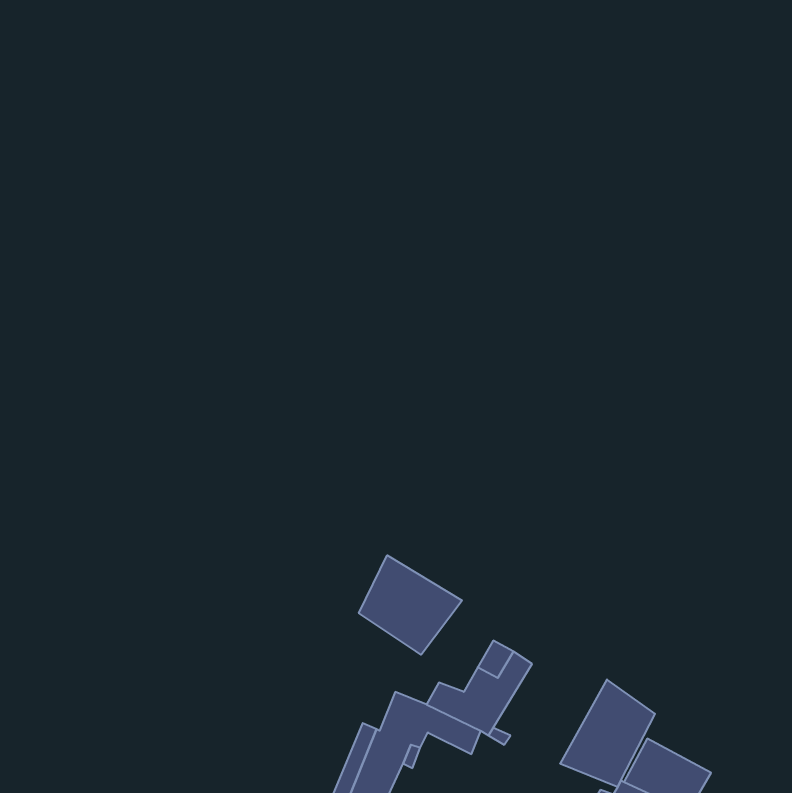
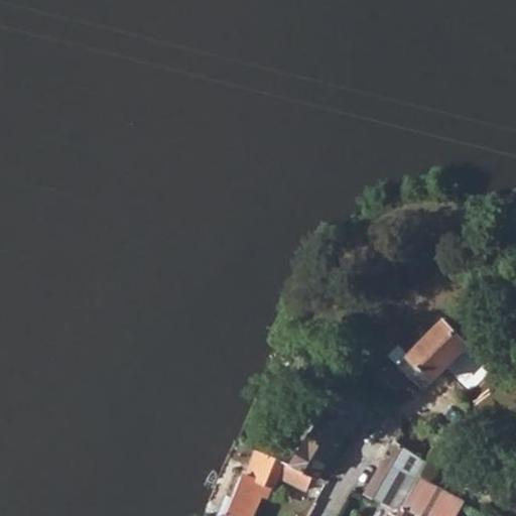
building: none -> [395,319,477,396]
building: [359,555,462,655] -> none

